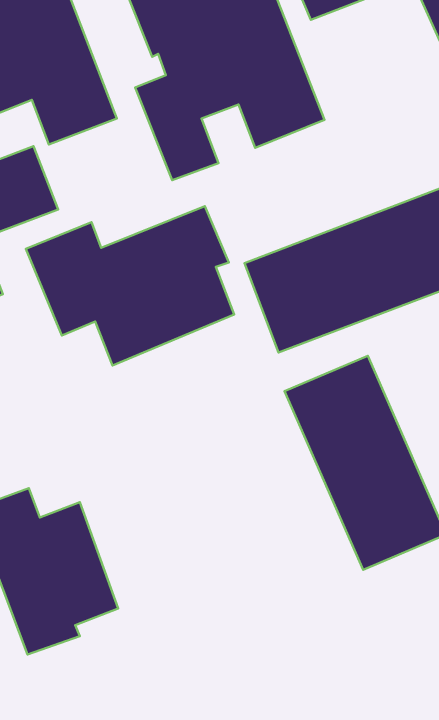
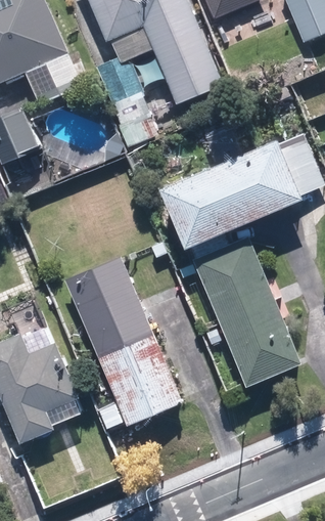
building: [26,206,234,365] -> none
building: none -> [63,255,180,424]

